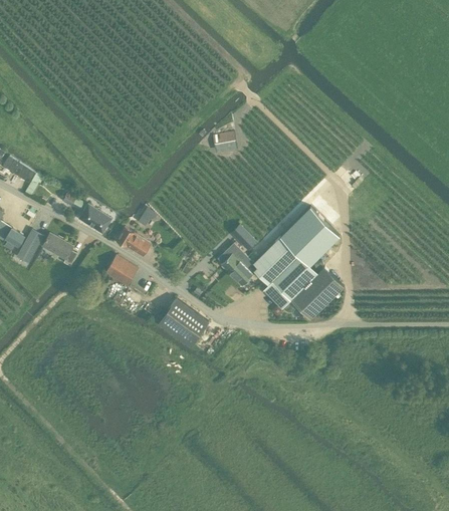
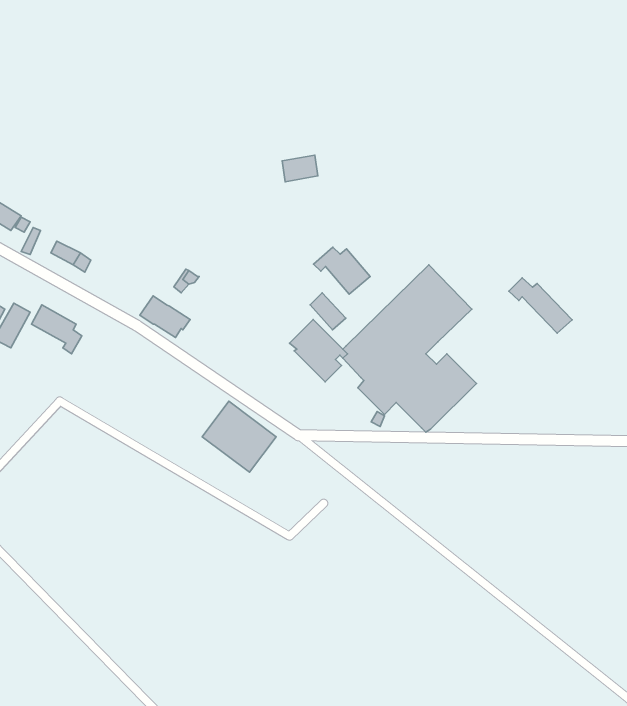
building: none -> [314,247,370,294]
building: [78,204,110,233] -> none
building: none -> [509,278,572,333]
building: [105,255,138,285] -> none

